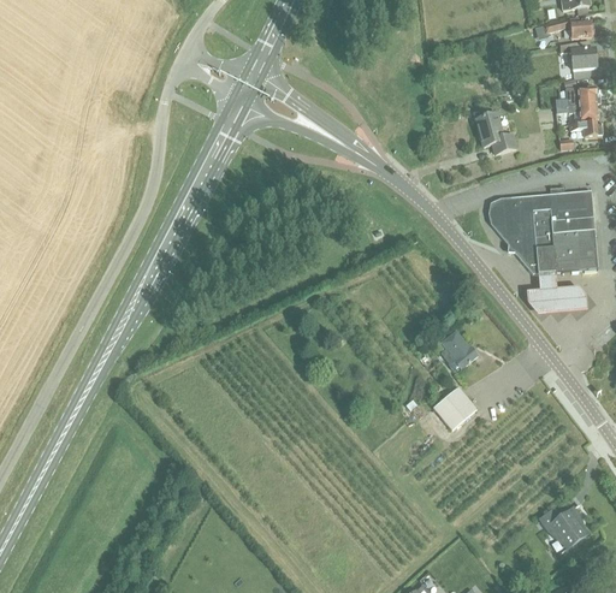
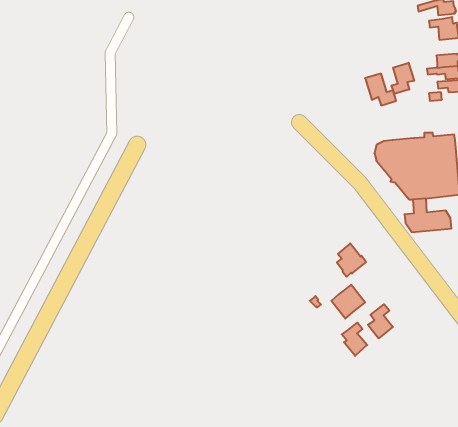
building: none -> [392,63,414,94]
building: none -> [368,304,393,338]
building: none -> [342,323,367,356]
building: [540,509,586,547] -> none

